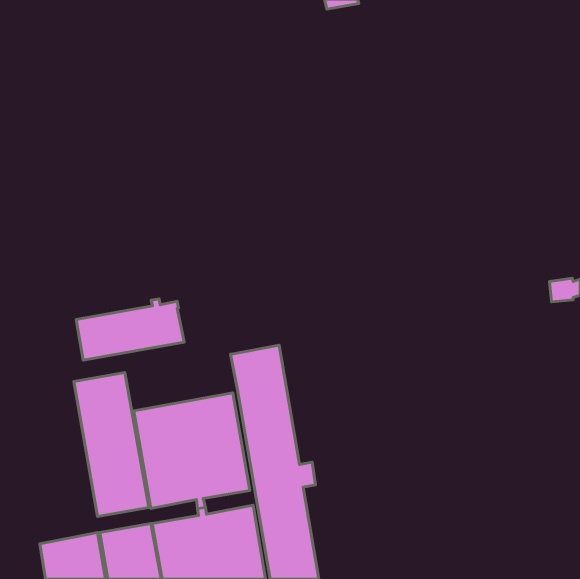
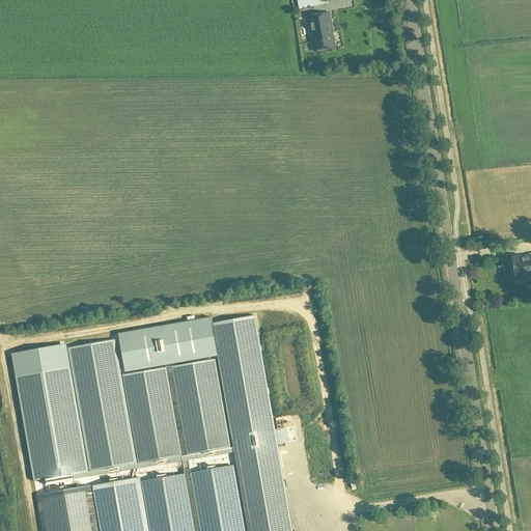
building: none -> [307,12,335,50]
building: [76,299,184,360] -> [118,315,217,371]
building: none -> [10,345,88,481]

